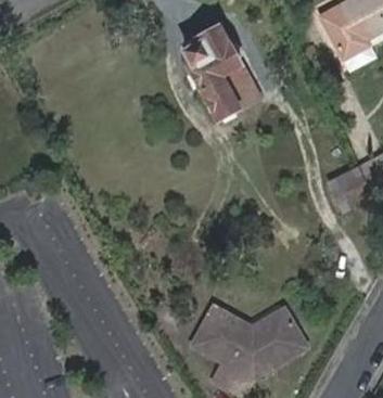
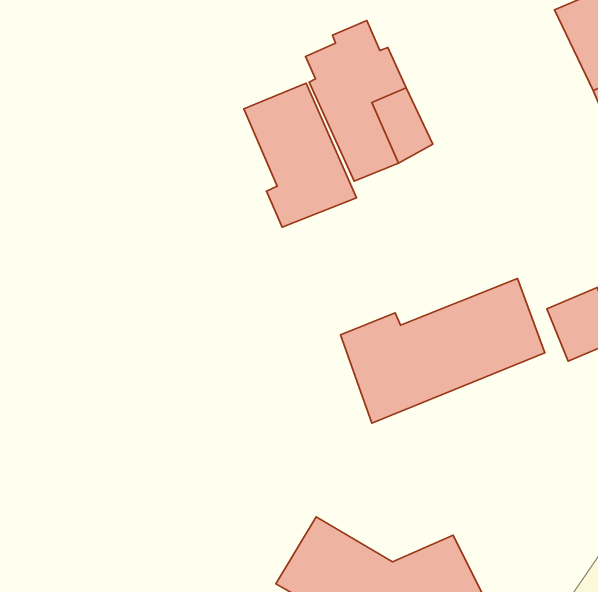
building: none -> [244,83,357,227]
building: none -> [341,279,545,423]

